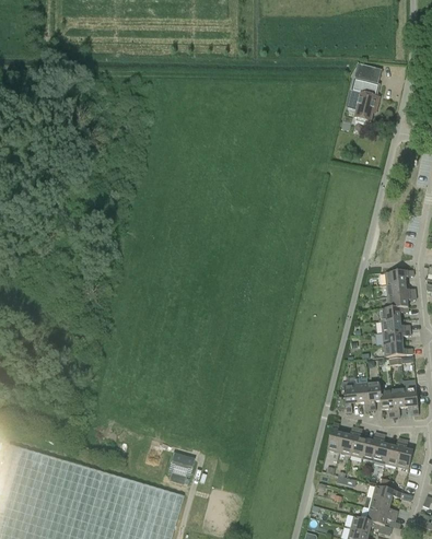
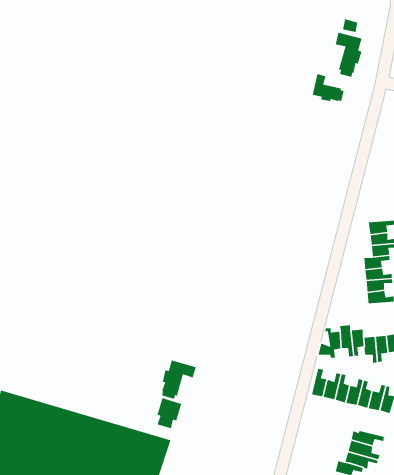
building: none -> [312,73,345,102]
building: none -> [161,359,197,400]

